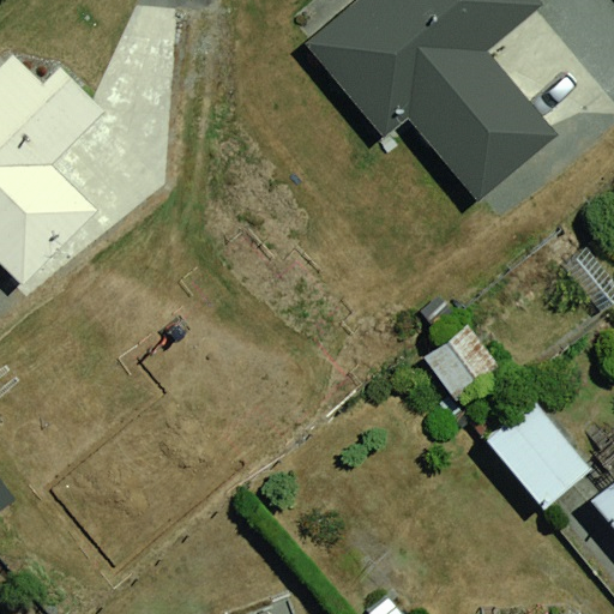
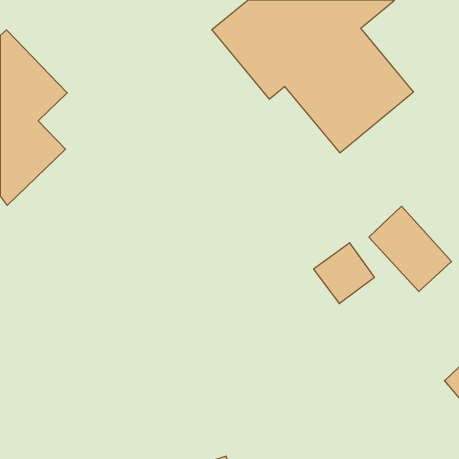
building: [482,391,591,504] -> [369,206,452,292]

